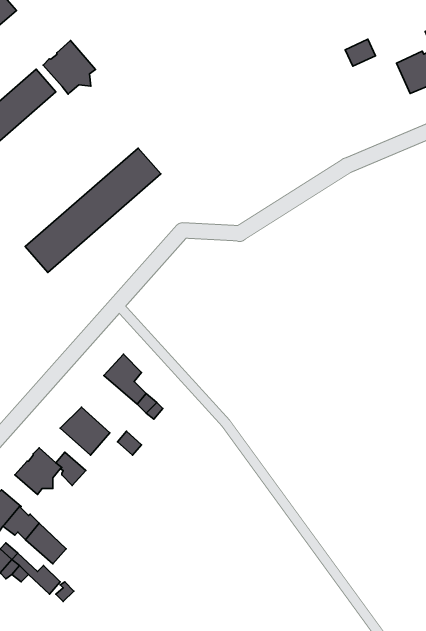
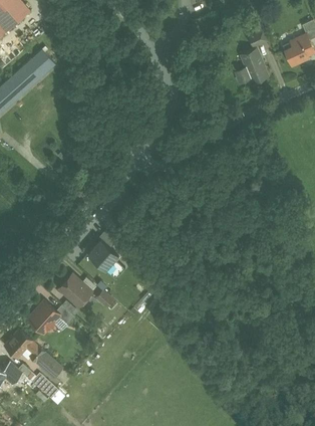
building: [43,41,96,94] -> none
building: none -> [241,49,267,79]
building: [25,148,161,272] -> none

